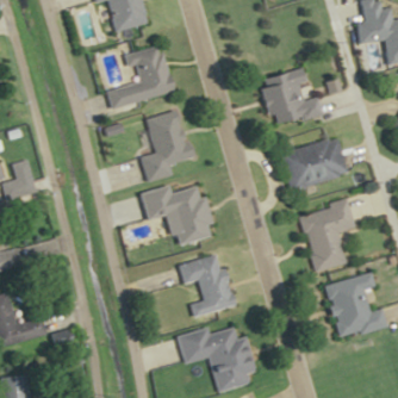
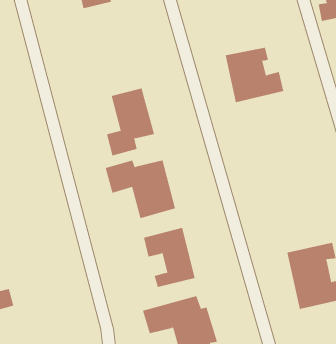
building: [106,48,173,107] -> none
building: [281,138,349,188] -> none
building: [300,200,357,272] -> none

